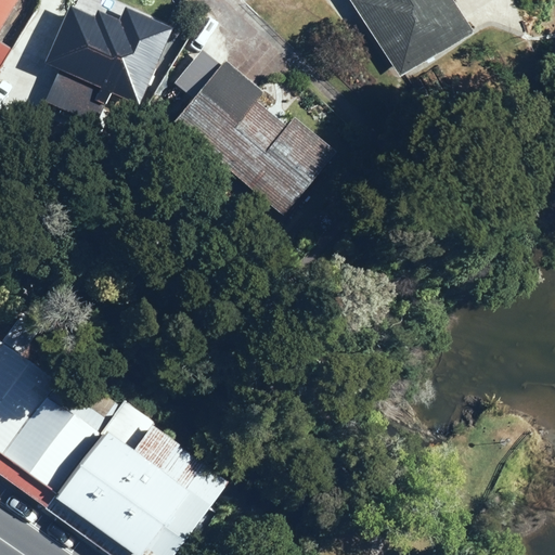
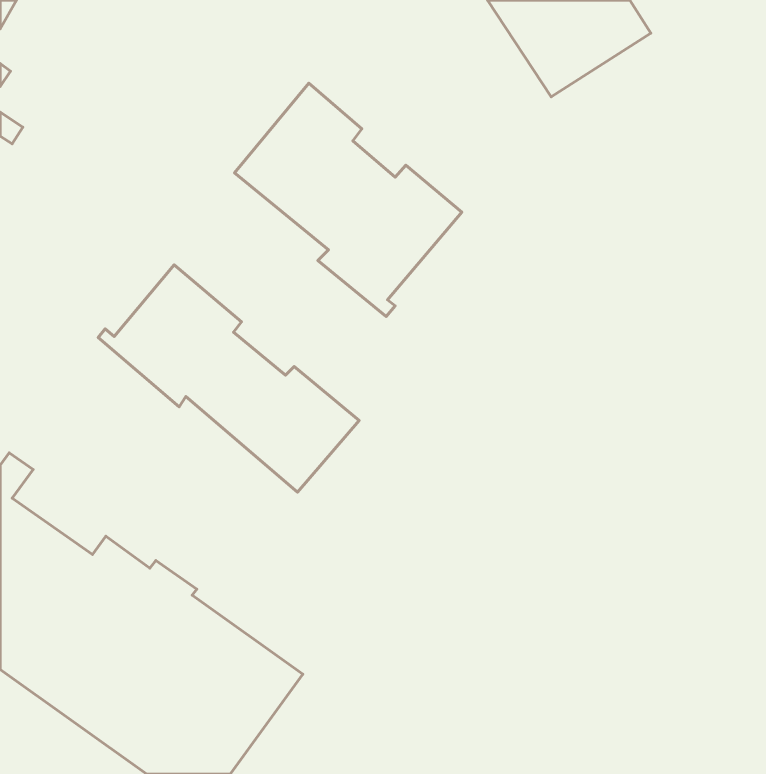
building: [44,5,173,125] -> none
building: none -> [98,265,359,492]

